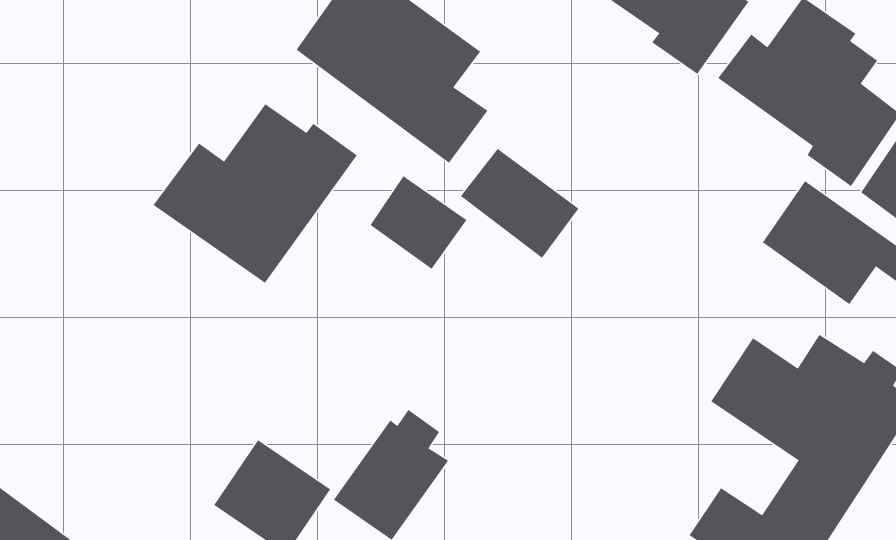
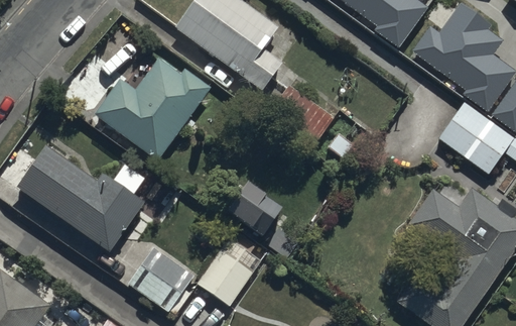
building: [369,175,468,270] -> [227,187,282,240]
building: none -> [16,146,145,253]

